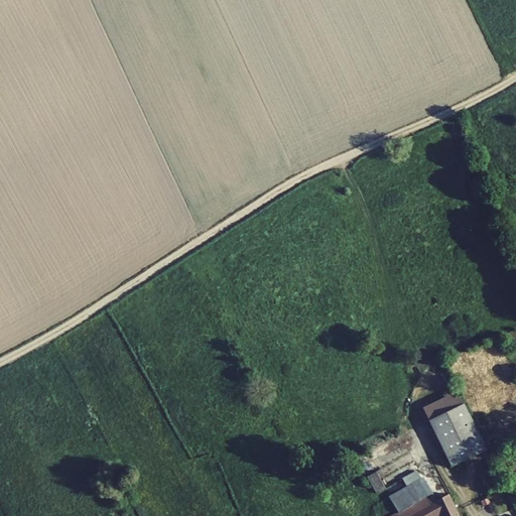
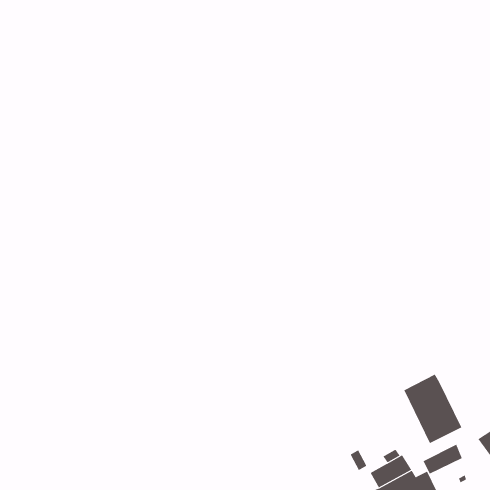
building: none -> [423,444,463,475]

